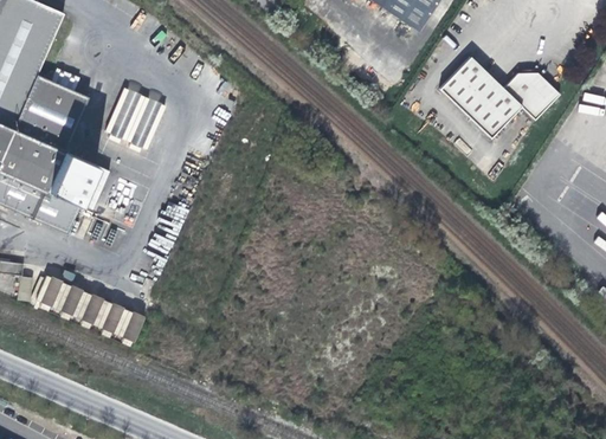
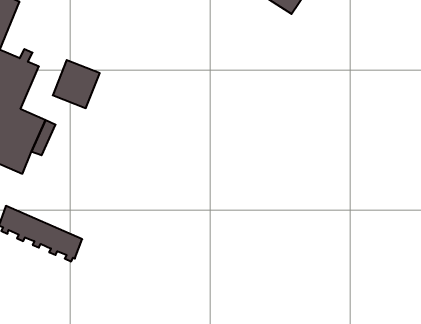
building: [433,57,553,140] -> none

